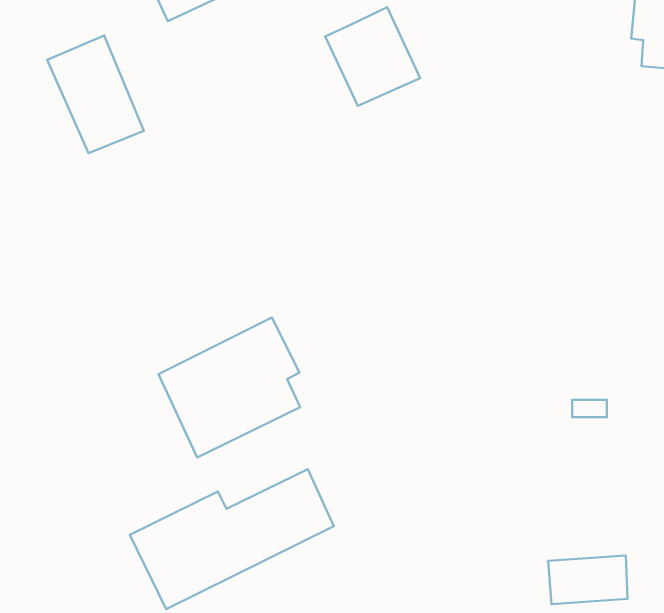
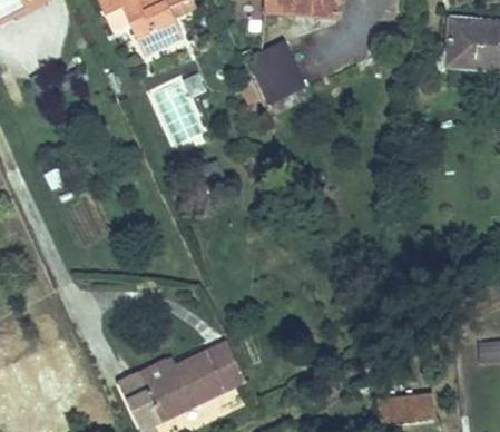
building: [47,36,144,153] -> [149,71,212,147]
building: [159,318,300,457] -> none

